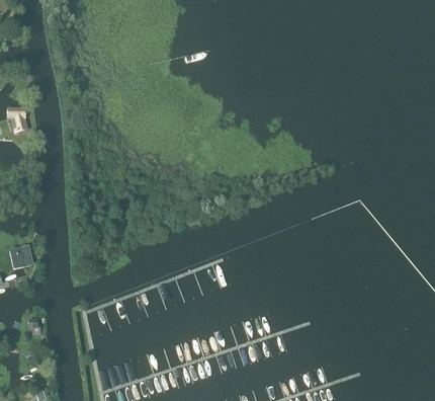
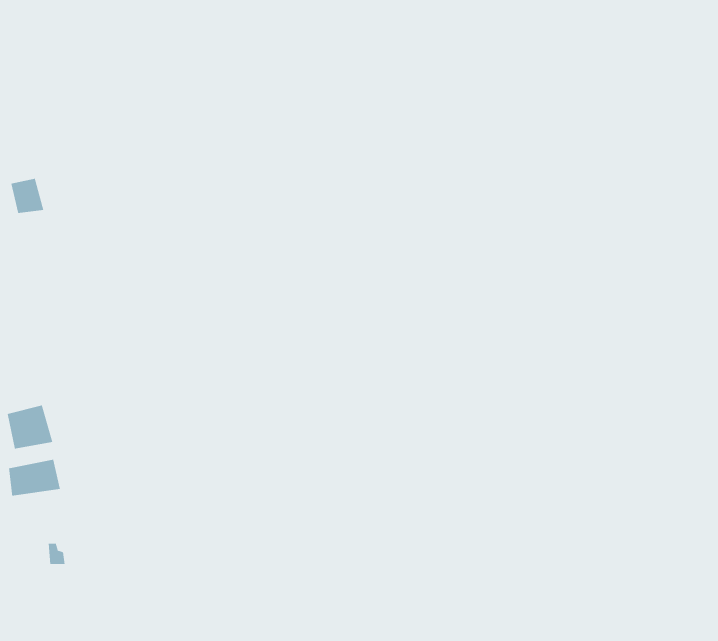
building: none -> [8,459,61,497]

